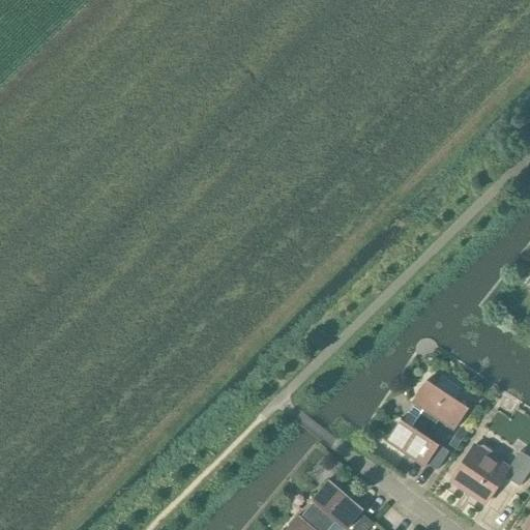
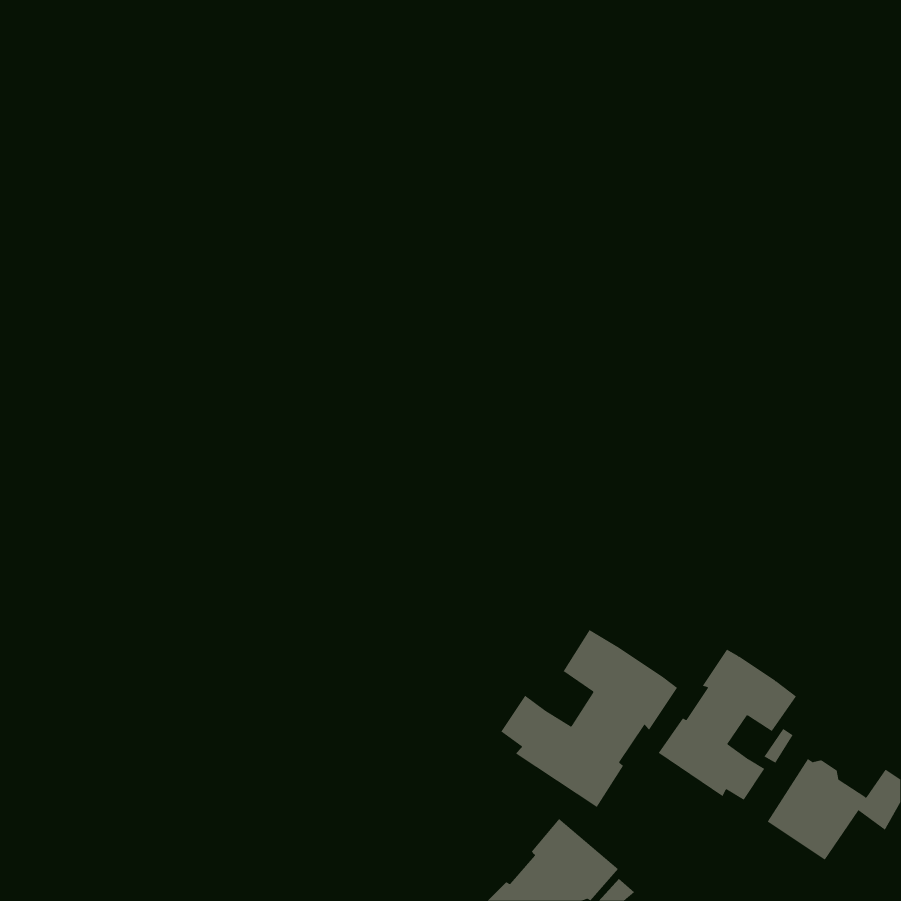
building: none -> [501,629,678,808]

